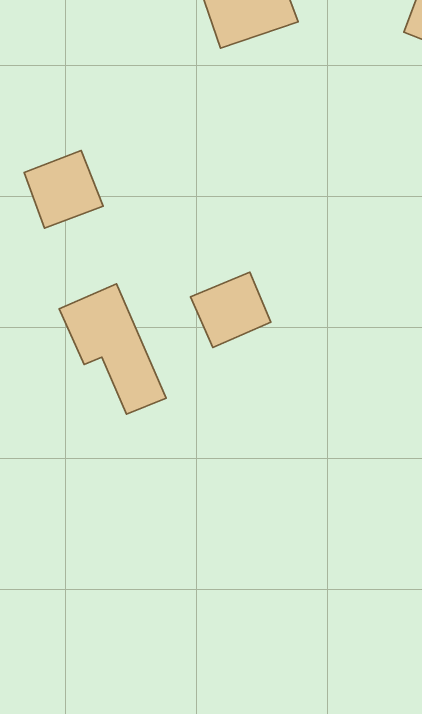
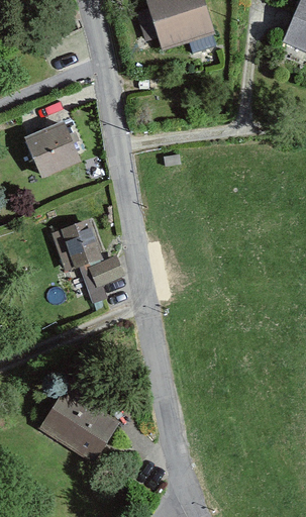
building: [191,272,271,348] -> none
building: none -> [37,386,116,458]

